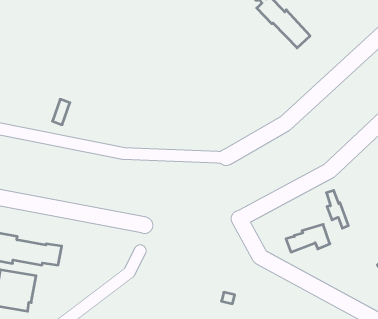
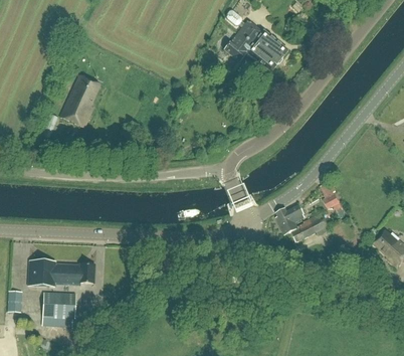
building: none -> [222,32,276,71]
building: none -> [59,74,99,128]
building: none -> [275,205,305,234]

